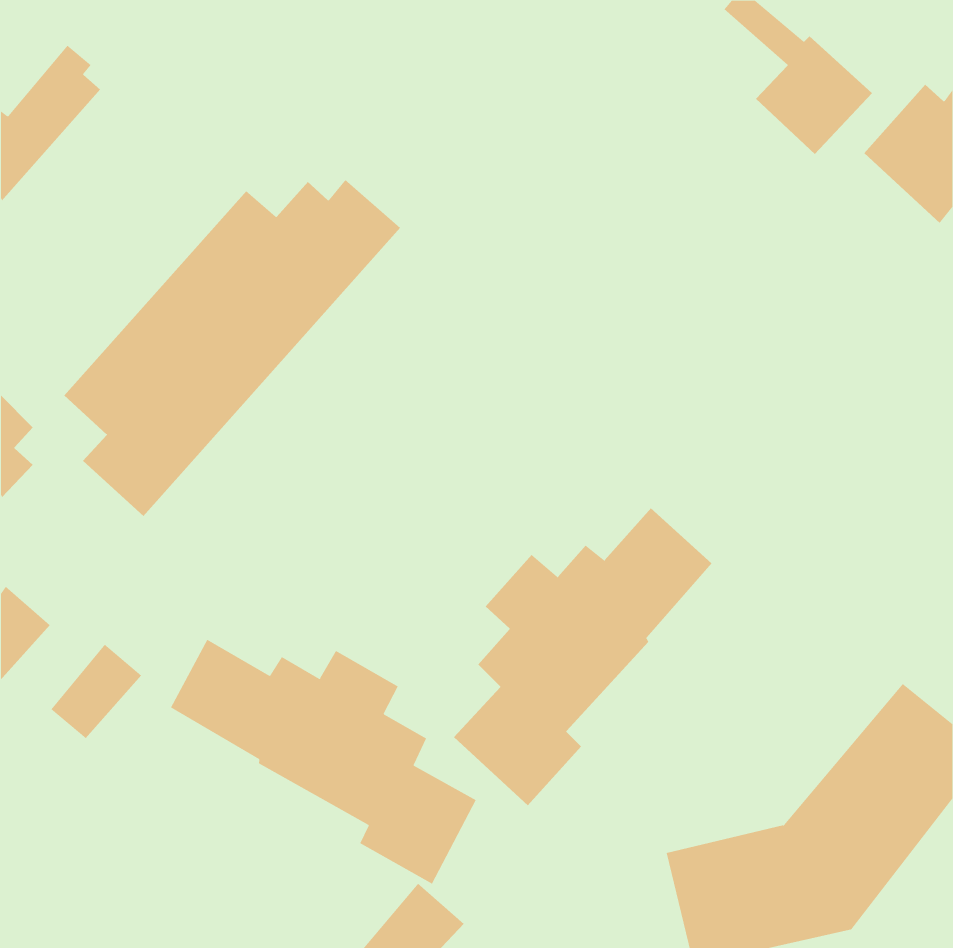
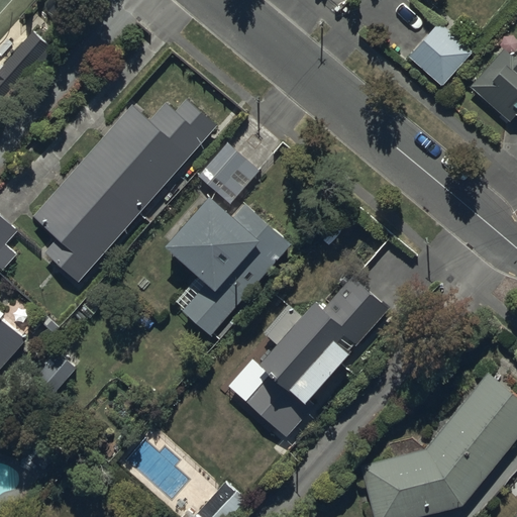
building: none -> [198,144,268,205]
building: none -> [164,195,287,336]
building: [170,639,476,884] -> none

